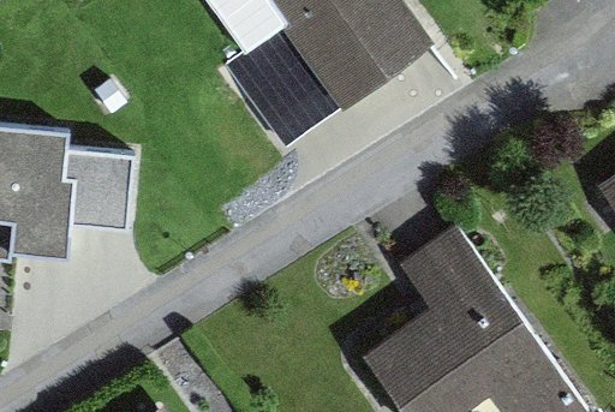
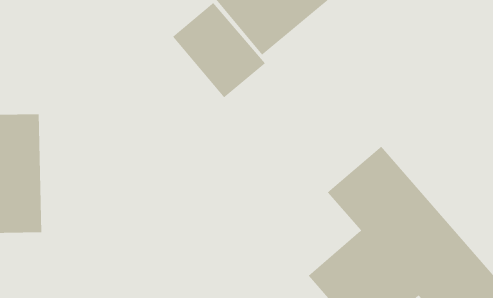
building: [65,141,132,239] -> none

